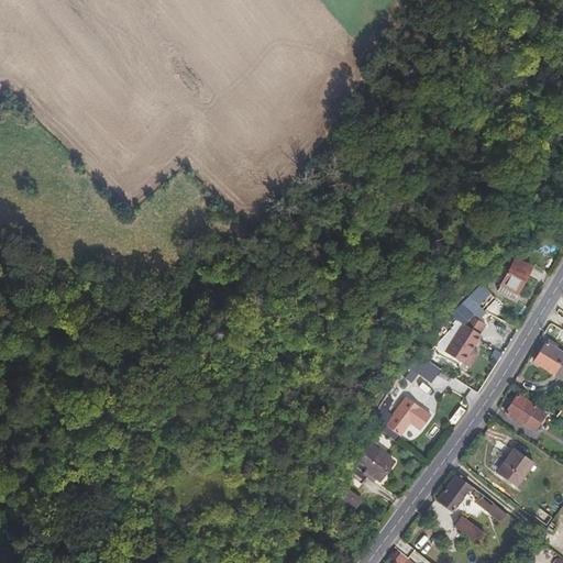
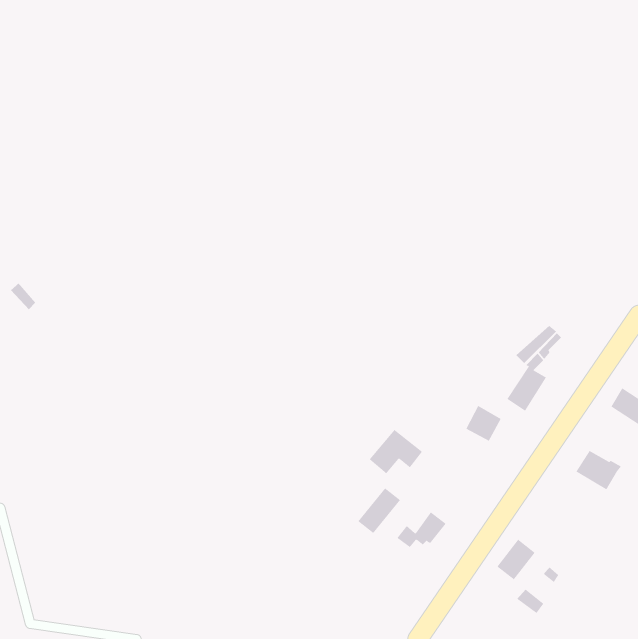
building: [500,257,531,294] -> none
building: [384,395,431,434] -> [369,429,423,474]
building: none -> [357,487,401,534]
building: [497,445,534,484] -> none

